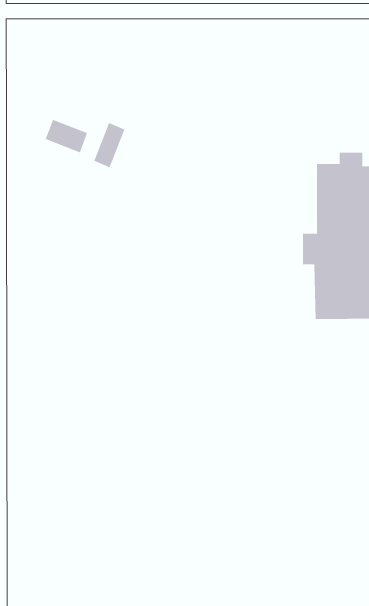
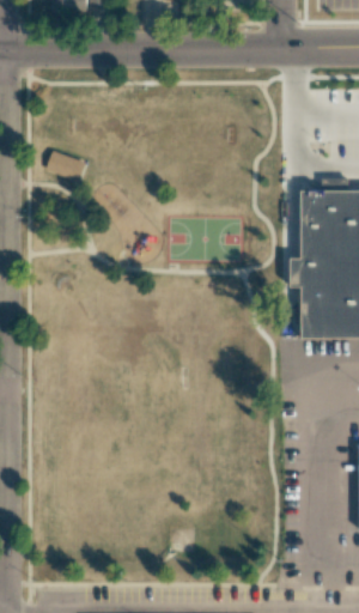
building: [93,122,125,168] -> none

